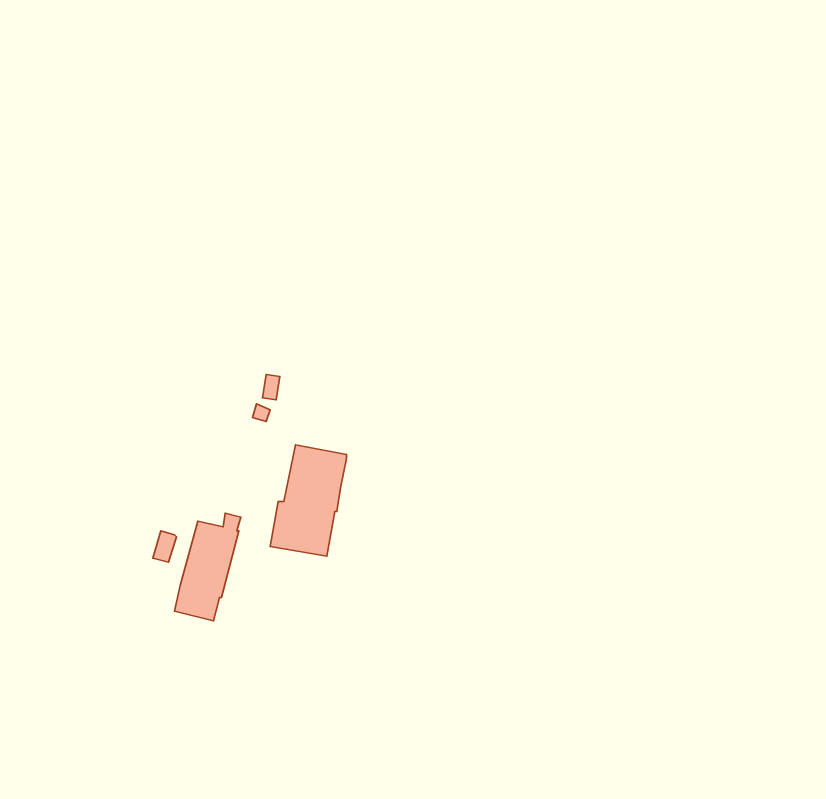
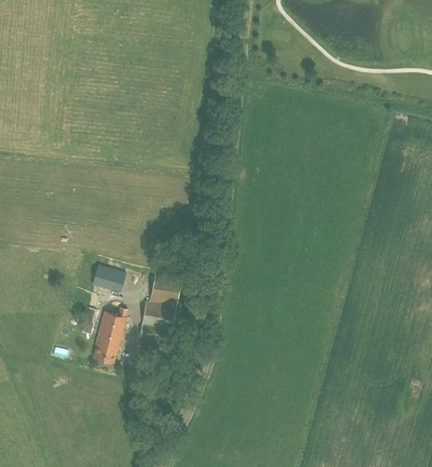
building: none -> [92,263,127,293]

